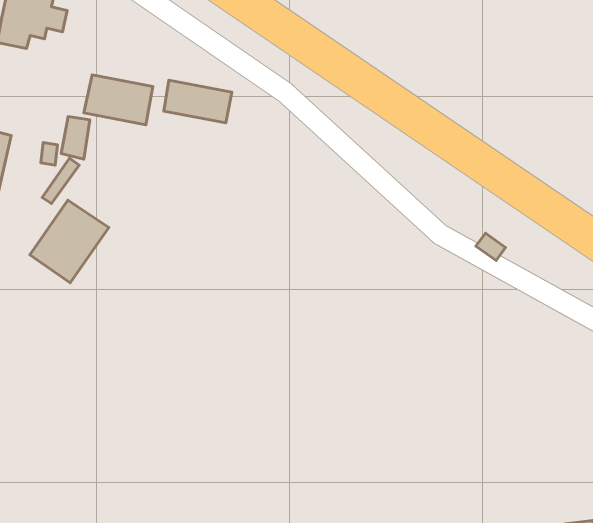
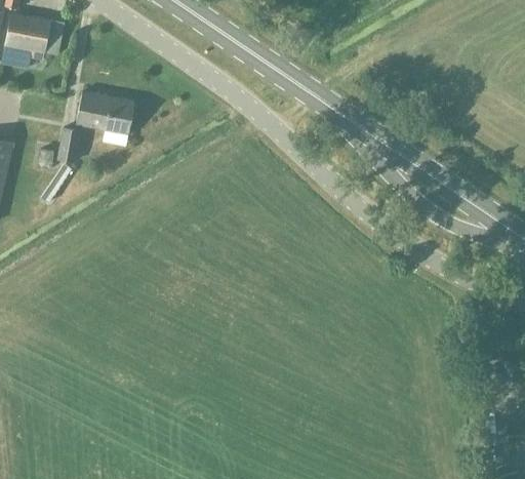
building: [164,80,232,123] -> none
building: [30,200,109,283] -> none

